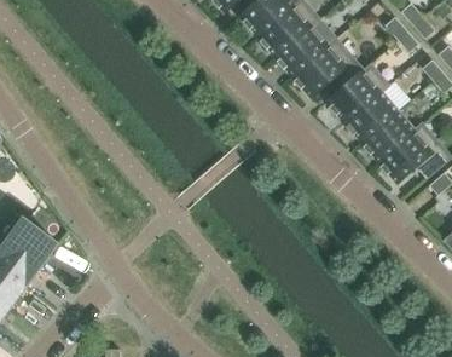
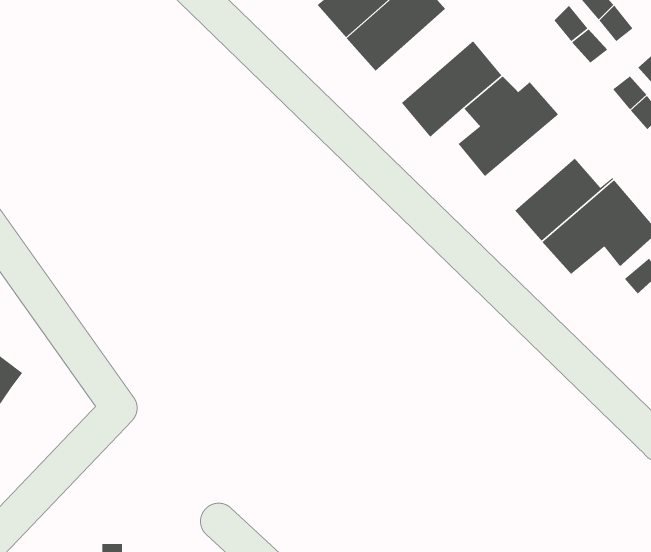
building: [274,17,335,75] -> none
building: [342,82,398,142] -> none

